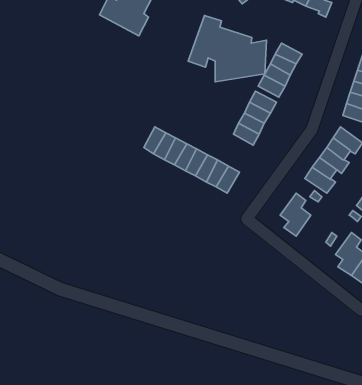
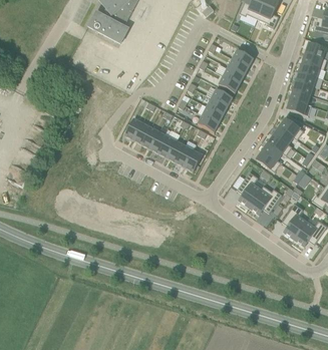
building: [188,16,266,82] -> none
building: none -> [249,185,282,214]

